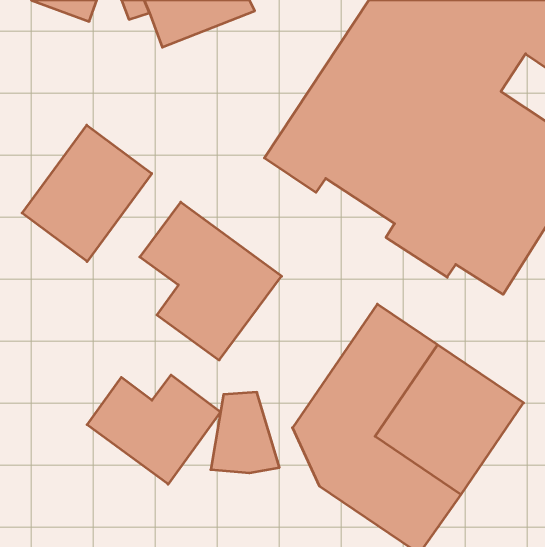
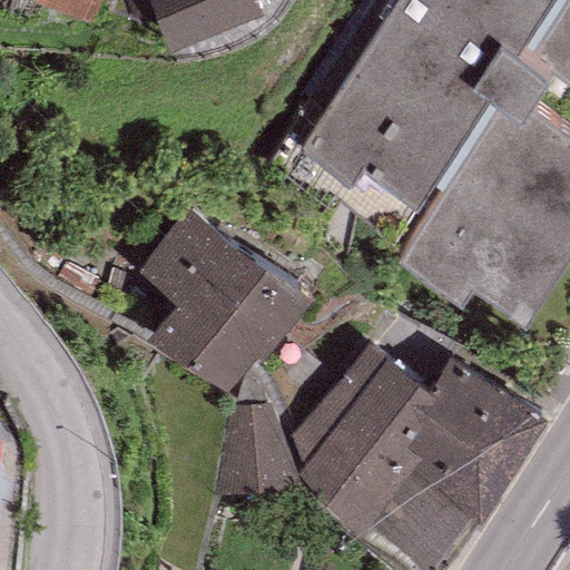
building: [22,125,152,262] -> none
building: [87,375,221,484] -> none

